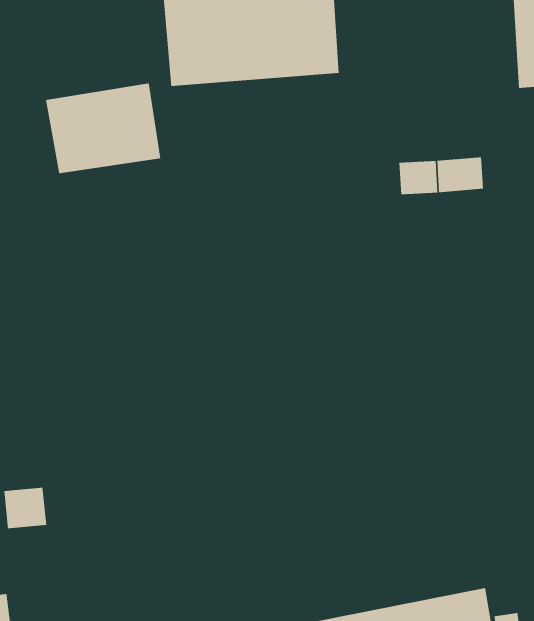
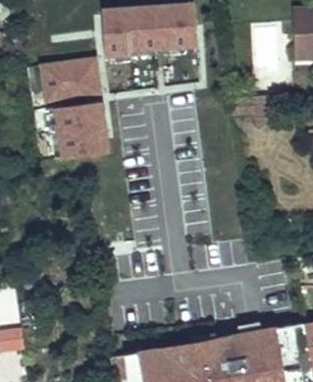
building: none -> [54,103,108,160]

